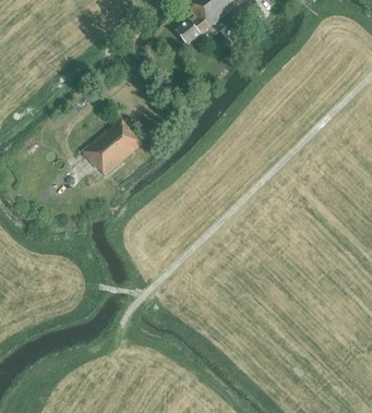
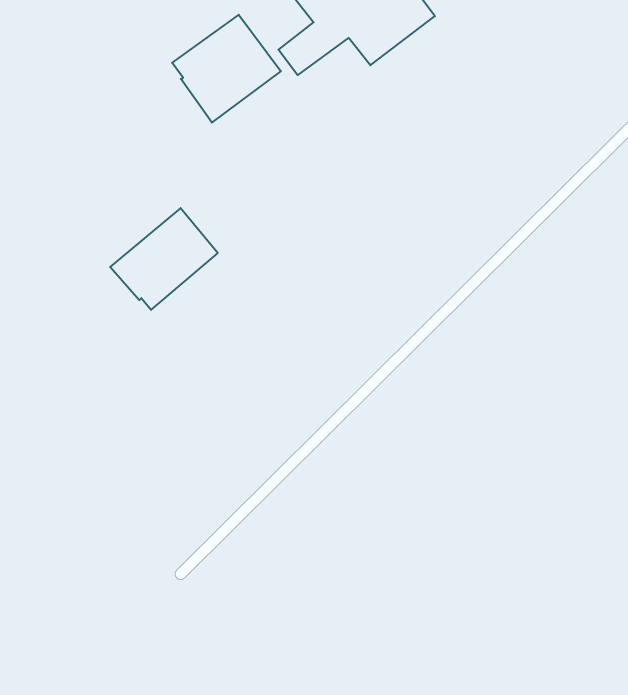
building: none -> [172,15,281,123]

